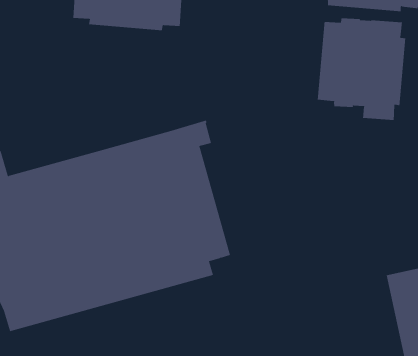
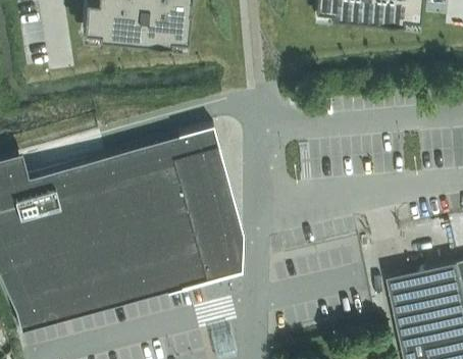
building: [317,17,406,121] -> none

